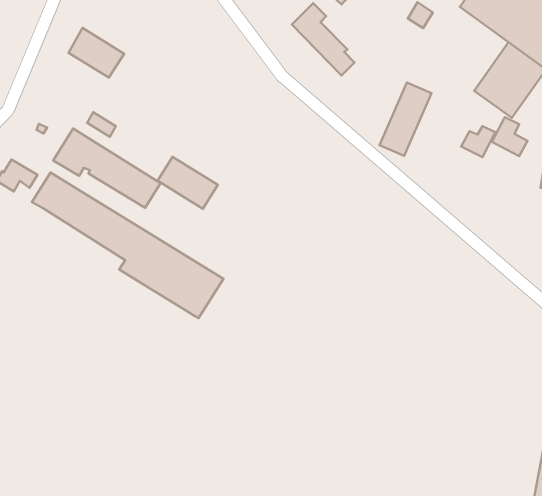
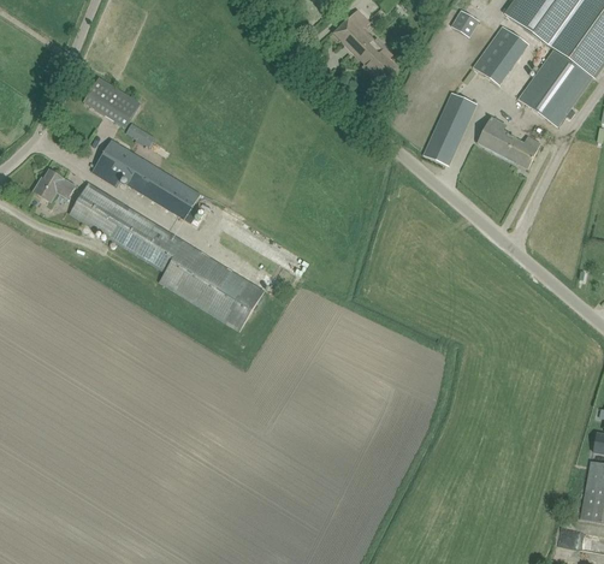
building: none -> [474,25,529,85]
building: [68,28,124,78] -> [84,77,141,127]
building: [492,117,527,156] -> [479,117,515,156]
building: [158,157,218,209] -> none

